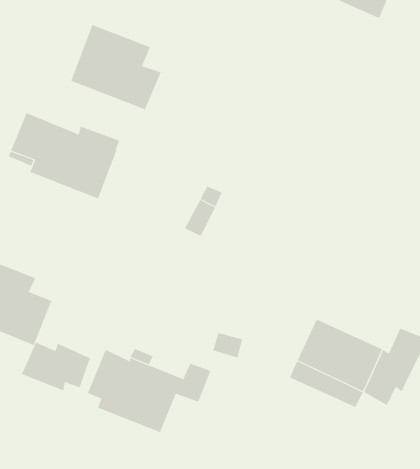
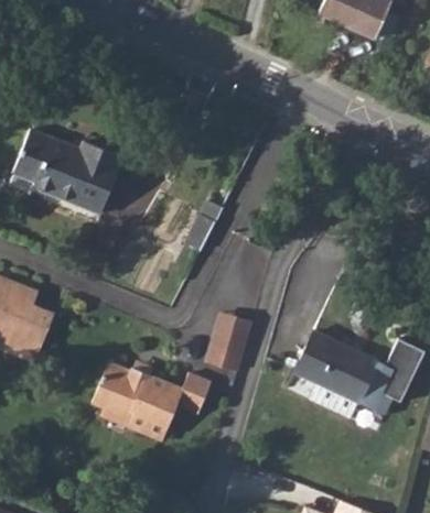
building: [70,24,161,110] -> none
building: none -> [207,312,251,361]
building: [21,342,90,391] -> none

